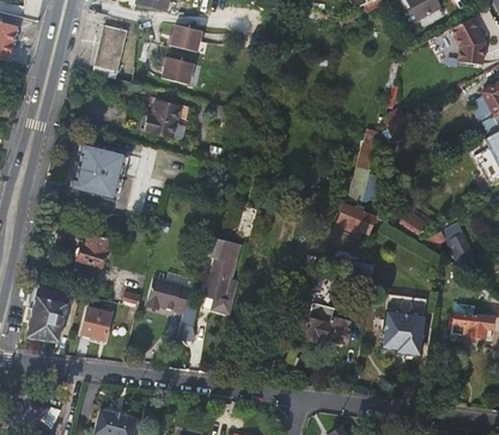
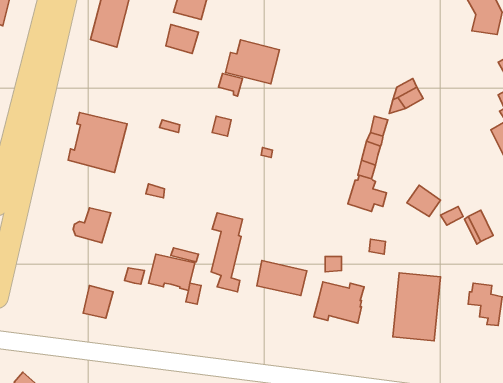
building: [138,96,189,138] -> [226,40,279,84]
building: none -> [257,260,307,296]
building: [25,283,69,339] -> none

